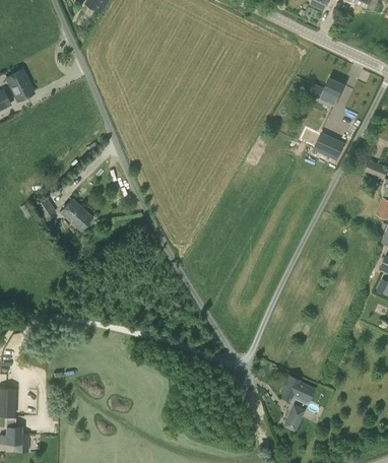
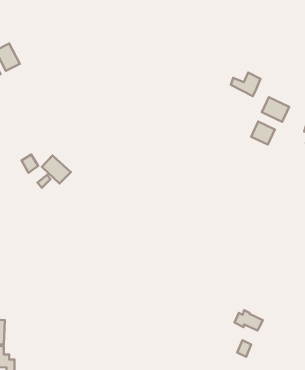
building: [309,77,343,105] -> [231,73,261,96]
building: none -> [251,122,275,145]

